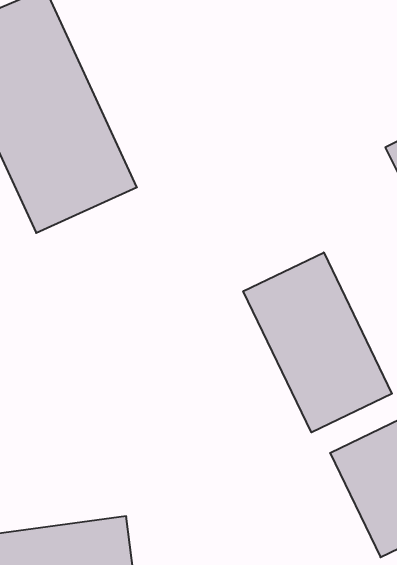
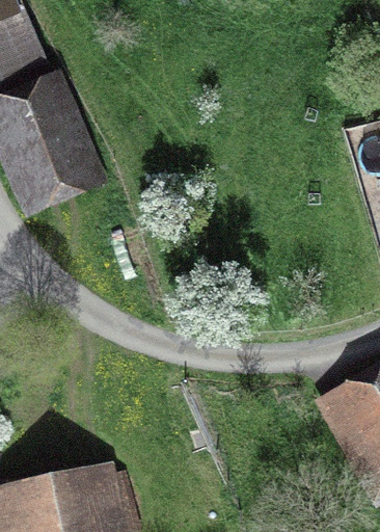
building: [243,252,392,432] -> none

